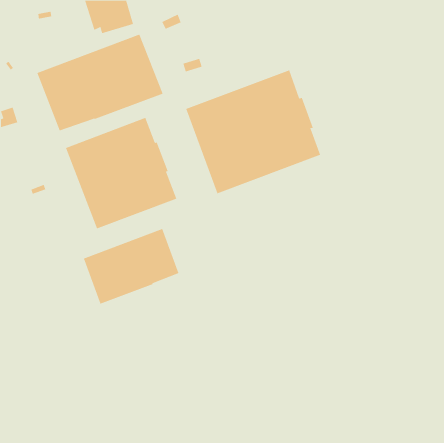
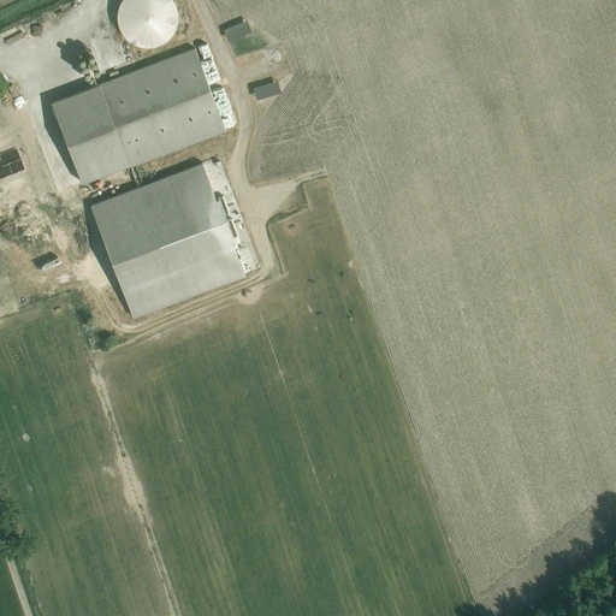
building: [185,69,321,194] -> none
building: [83,228,179,305] -> none

